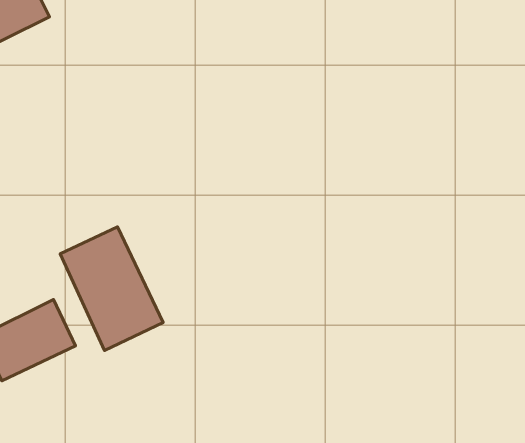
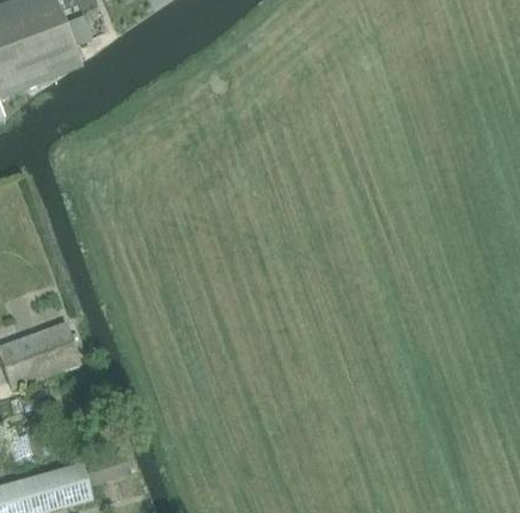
building: [60,227,163,351] -> none

